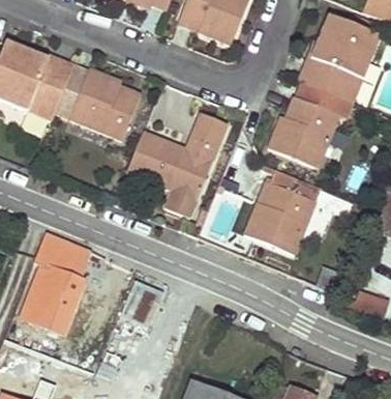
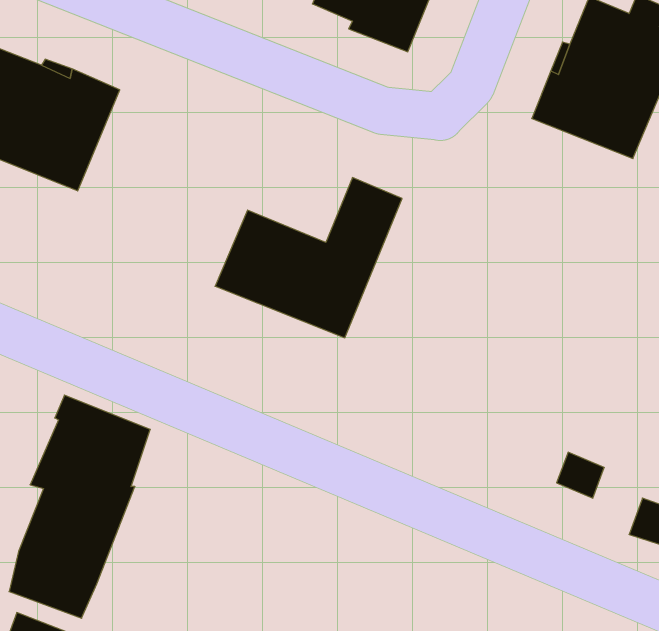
building: [69,67,142,140] -> none
building: [268,94,341,168] -> none
building: [244,181,315,253] -> none

